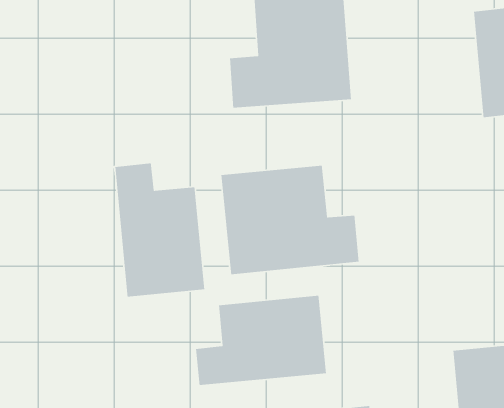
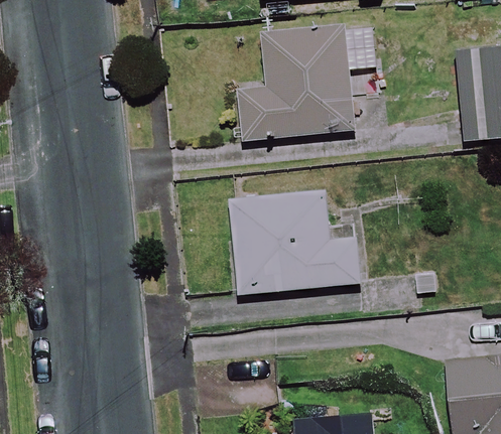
building: [115,163,205,298] -> none
building: [195,295,327,386] -> none

